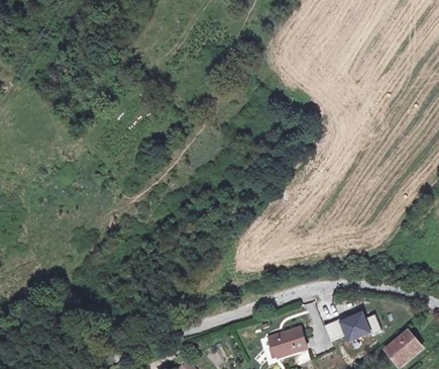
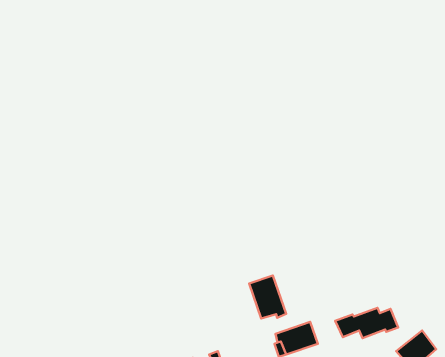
building: none -> [249,275,286,318]

